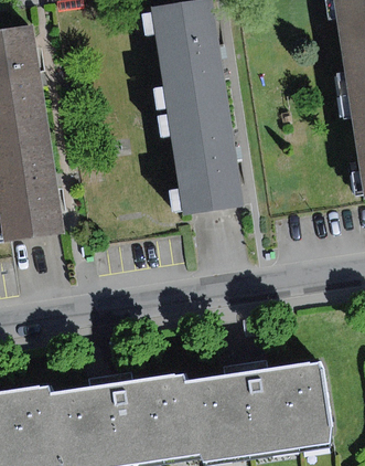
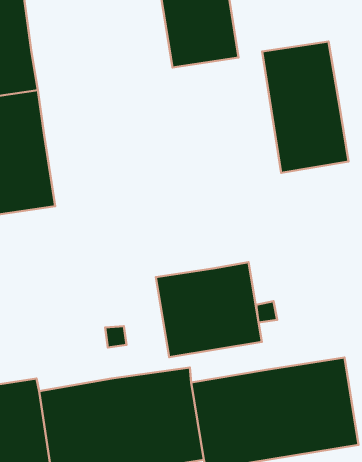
building: [168,99,244,215] -> [262,42,348,173]
building: none -> [156,262,262,357]

